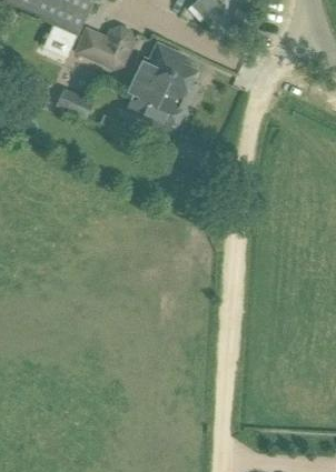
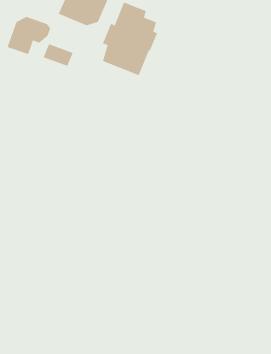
building: none -> [7,16,51,55]

